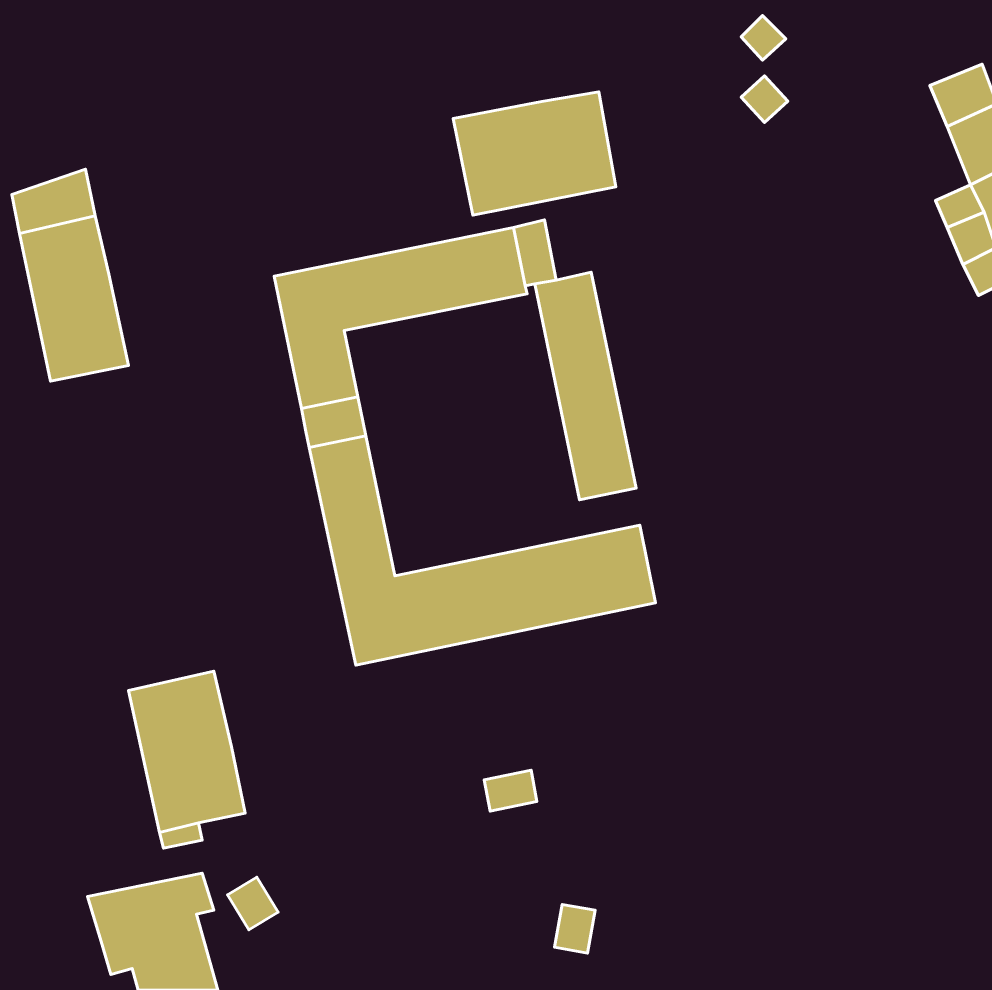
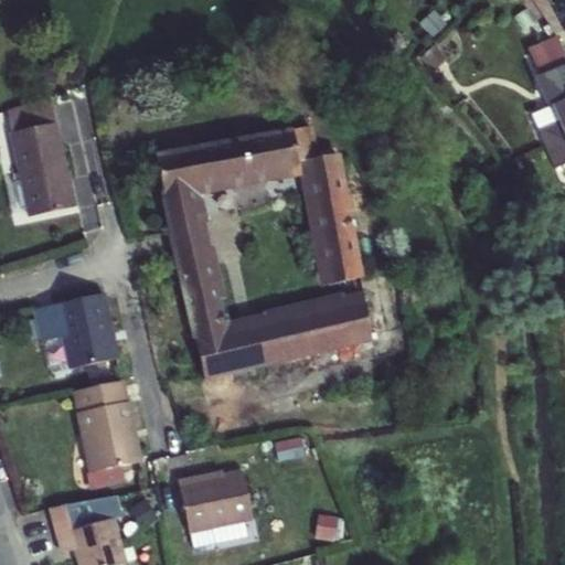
building: [453,92,616,215] -> none
building: none -> [35,295,118,369]
building: none -> [179,470,253,532]

